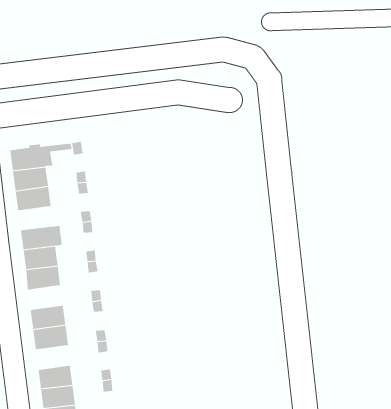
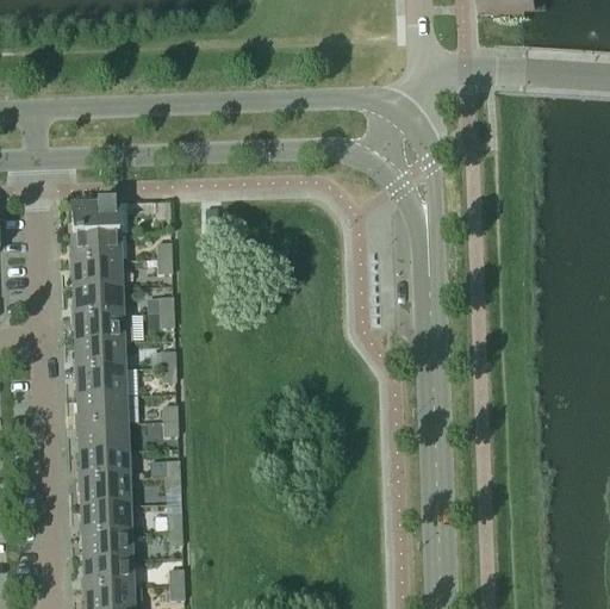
building: none -> [75,286,122,315]
building: none -> [79,394,126,424]
building: none -> [82,477,129,507]

